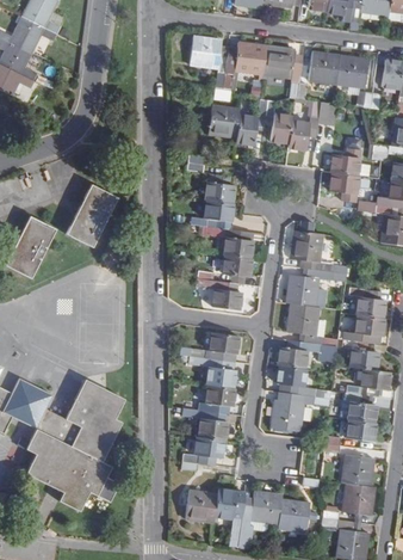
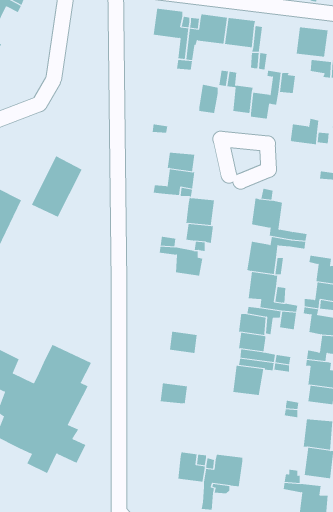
building: [306,51,337,82] -> none
building: [206,105,238,137] -> none
building: [328,172,356,201] -> none
building: [178,333,235,362] -> none
building: [180,384,232,414] -> none
building: [179,437,219,466] -> none
building: [184,488,216,522] -> none
building: [277,498,309,531] -> none

